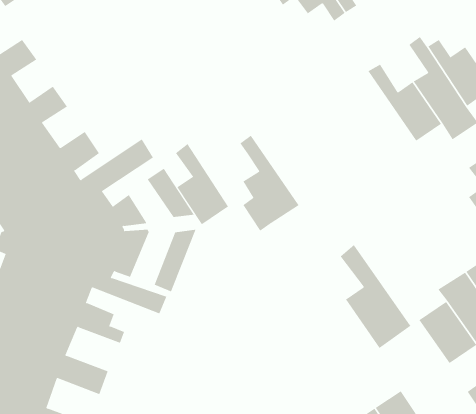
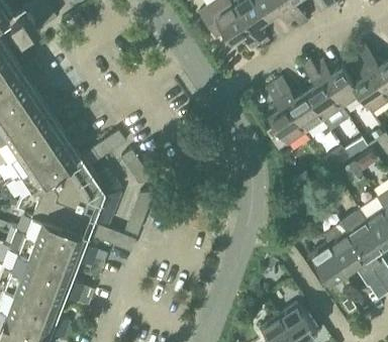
building: [239,135,299,231] -> [266,83,307,149]
building: [175,143,229,225] -> none
building: [340,244,411,349] -> none

